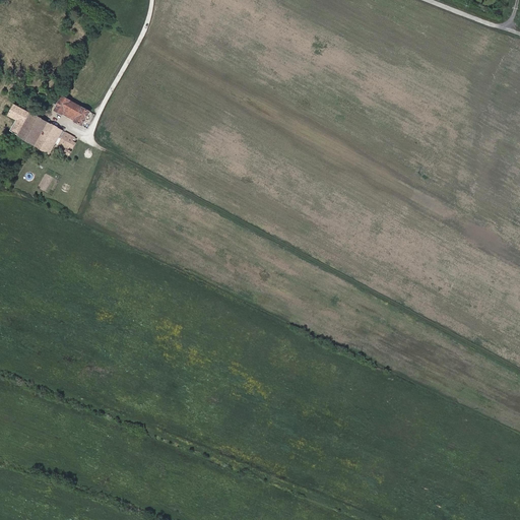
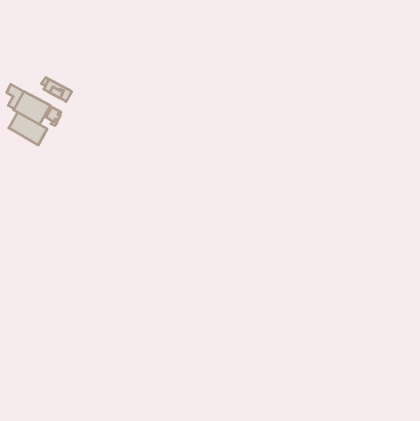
building: none -> [9,112,47,145]

